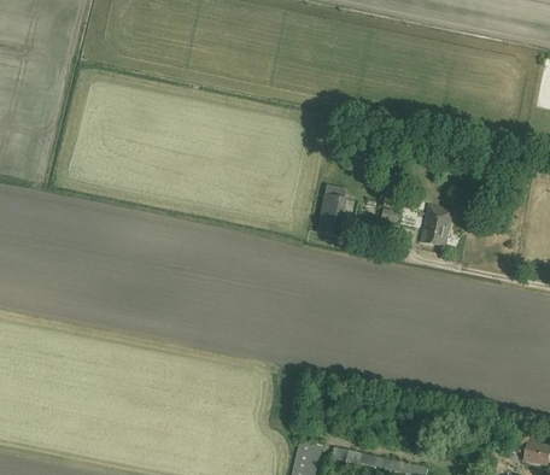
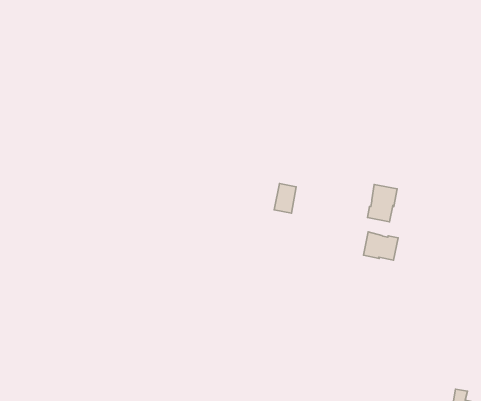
building: none -> [363,232,398,260]

